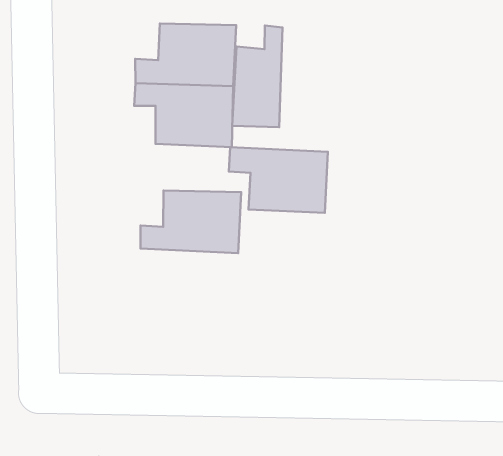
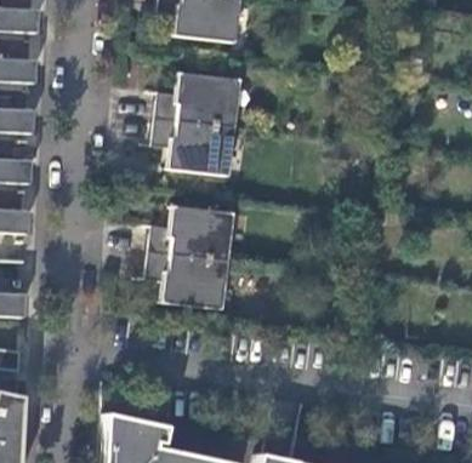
building: [232,26,282,127] -> none
building: [229,147,328,213] -> [149,251,229,309]

